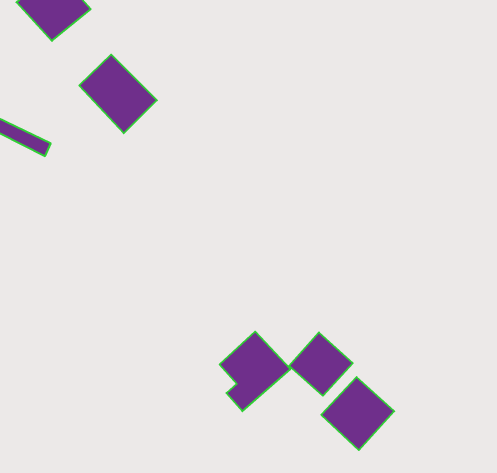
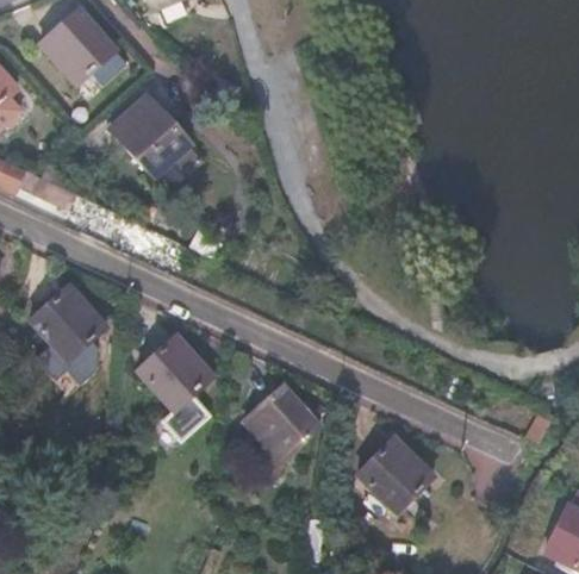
building: none -> [29,285,104,361]
building: none -> [137,335,212,439]
building: [289,332,353,396] -> none

